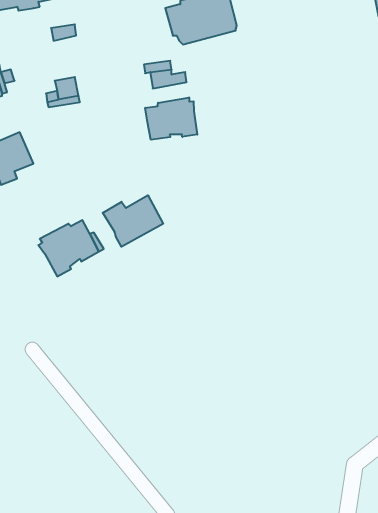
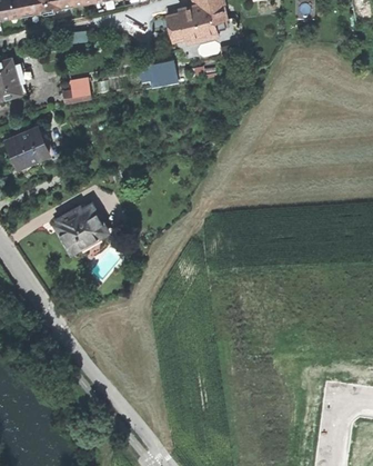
building: [145,97,197,140] -> none
building: [103,195,163,247] -> none

